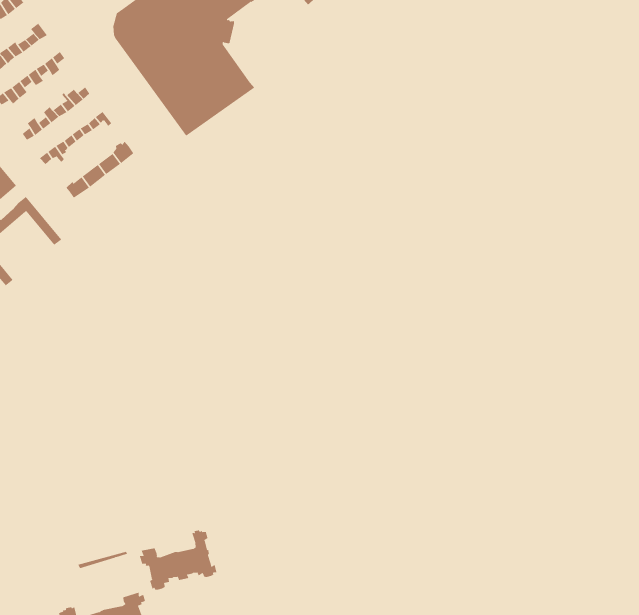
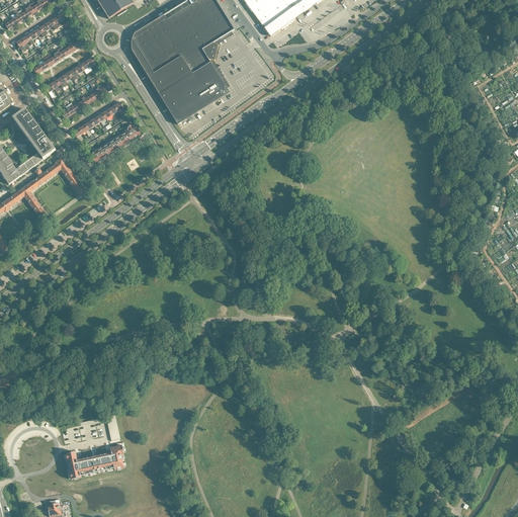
building: [139,529,217,590] -> none

